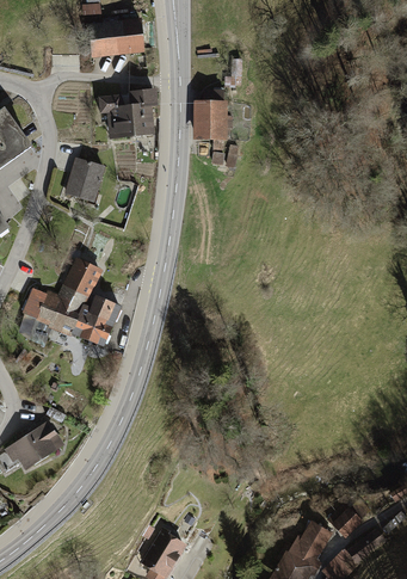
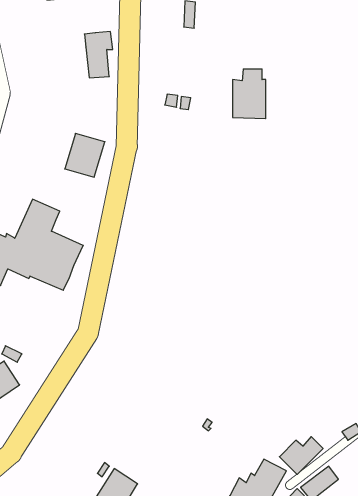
building: [192,90,226,140] -> [233,69,266,119]
building: [97,93,132,137] -> none
building: [63,158,104,202] -> [65,133,105,177]

